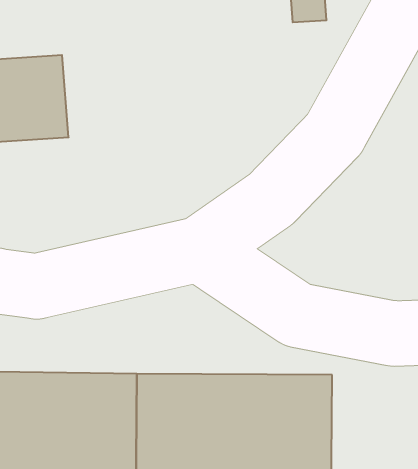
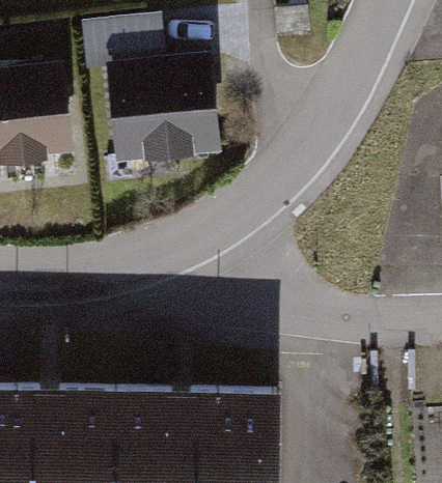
building: none -> [115,60,219,157]

